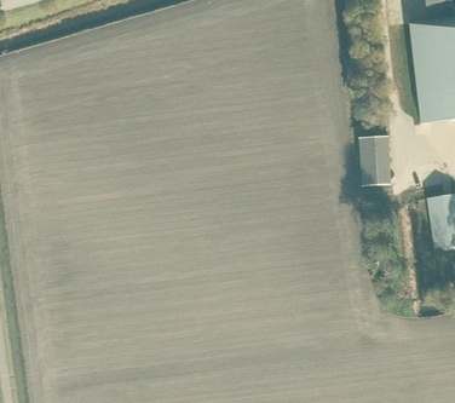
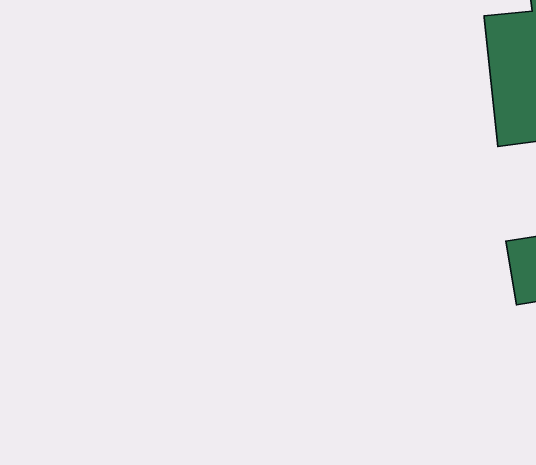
building: [358,136,391,186] -> none

